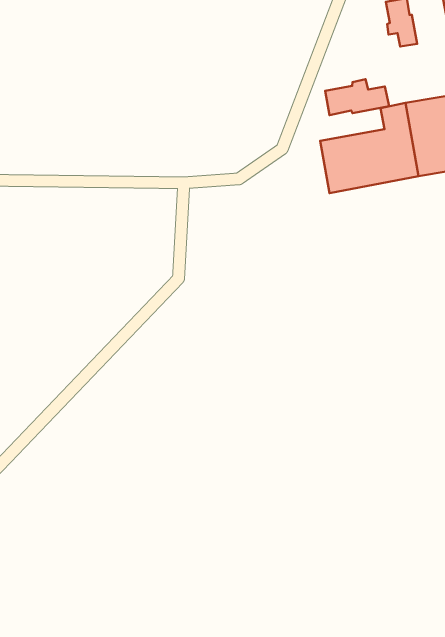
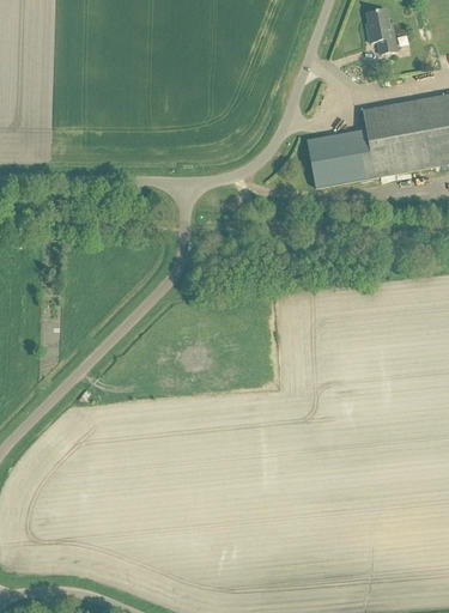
building: [325,79,389,115] -> none

